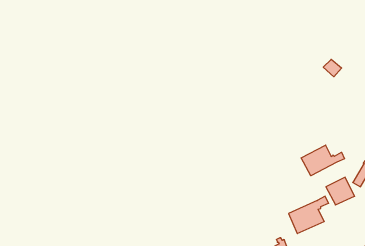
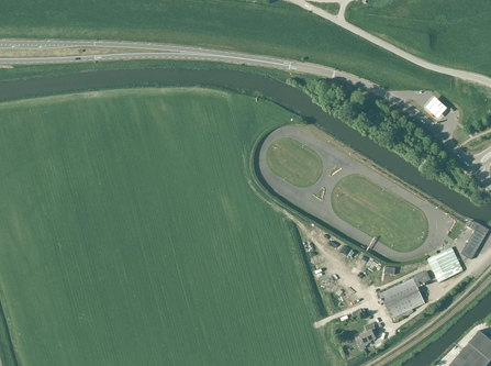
building: [301,145,345,176] -> none

